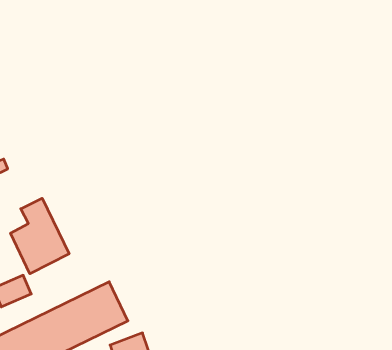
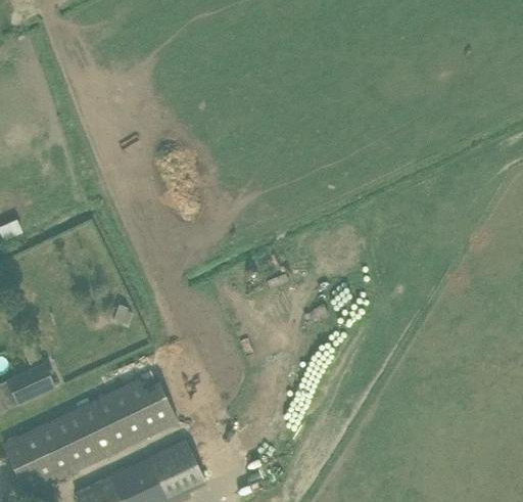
building: [11,198,69,274] -> none

